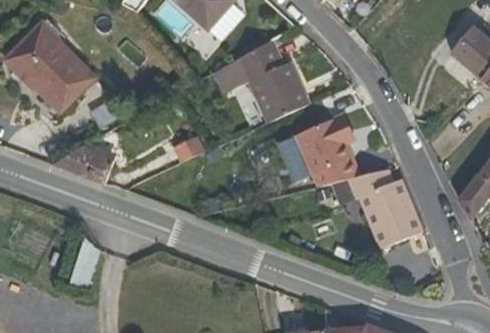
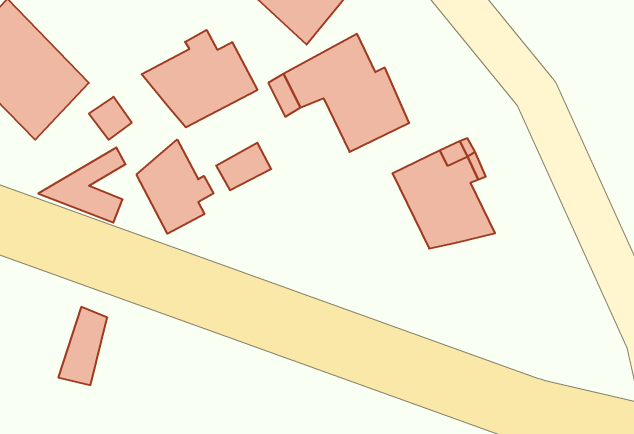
building: none -> [142,30,257,127]
building: none -> [137,140,213,234]
building: [351,155,425,239] -> none

